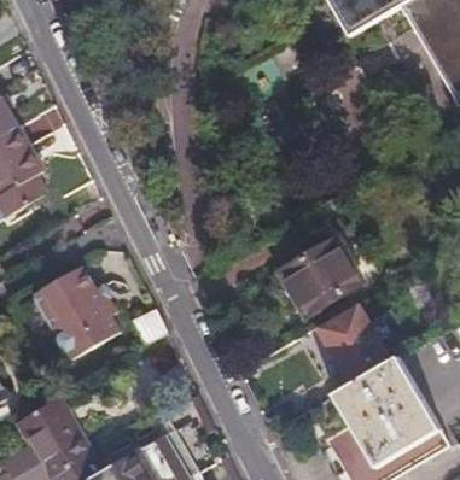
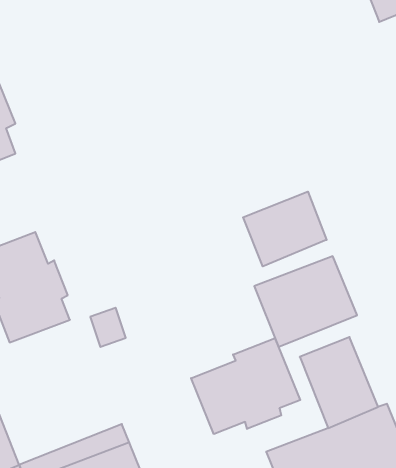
building: none -> [243,192,327,266]
building: none -> [191,338,300,434]

